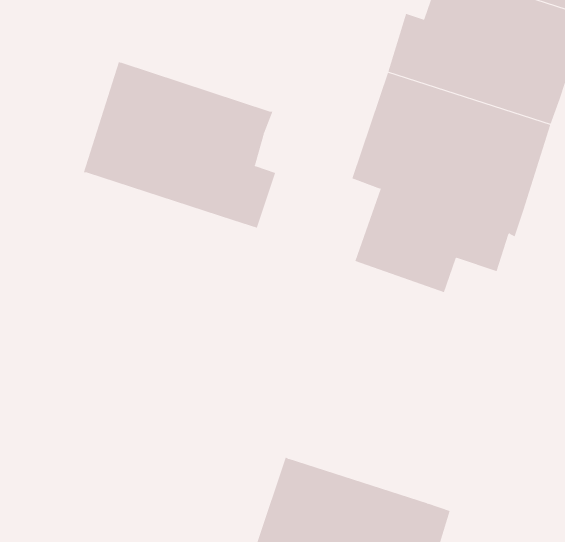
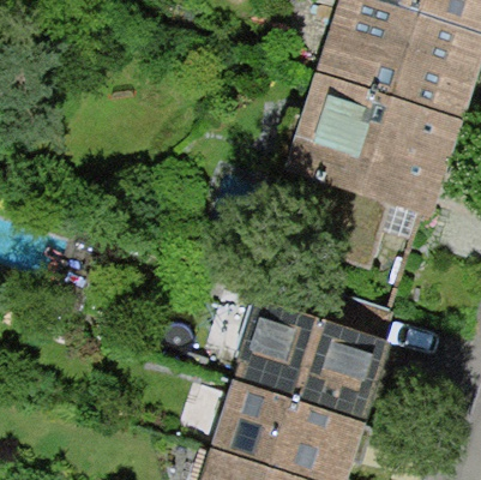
building: [83,62,276,228] -> none
building: none -> [238,286,390,421]

